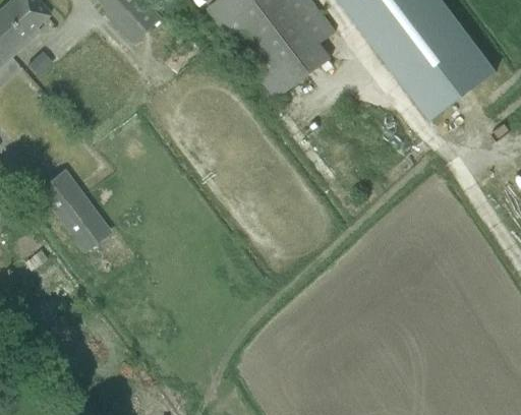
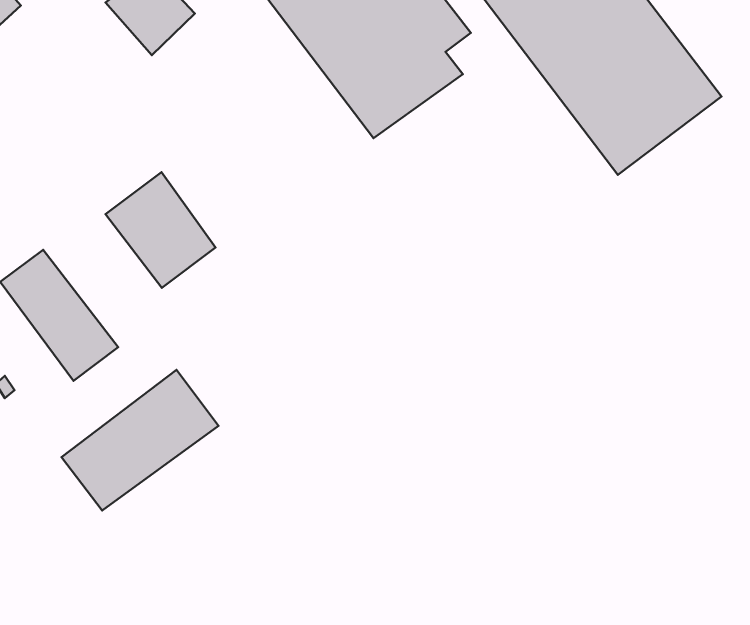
building: none -> [105,172,215,288]
building: none -> [61,370,218,511]

